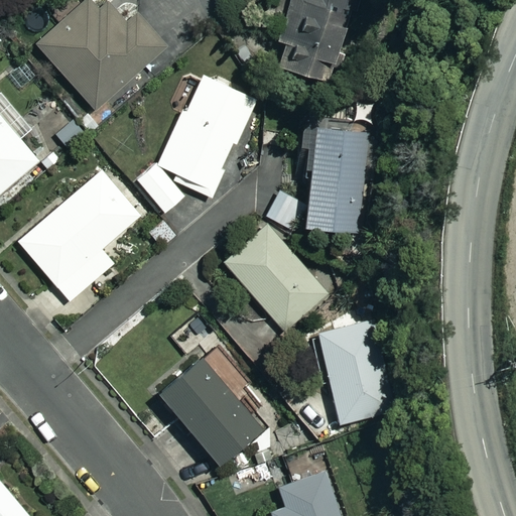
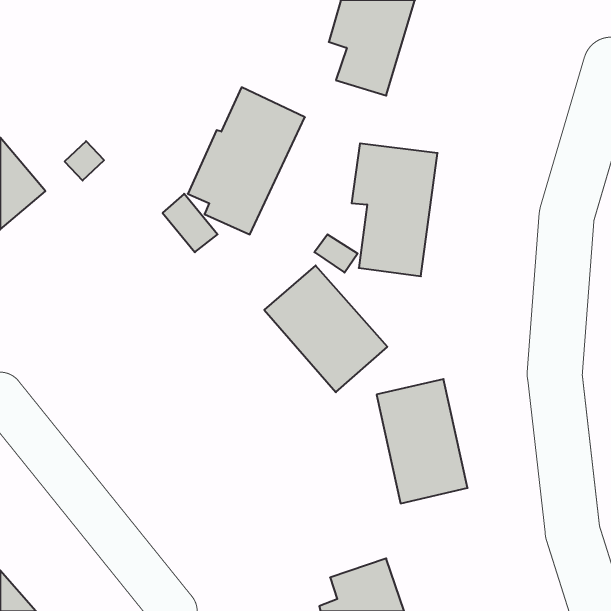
building: [39,4,170,111] -> none
building: [17,167,144,301] -> none
building: [157,358,259,465] -> none

